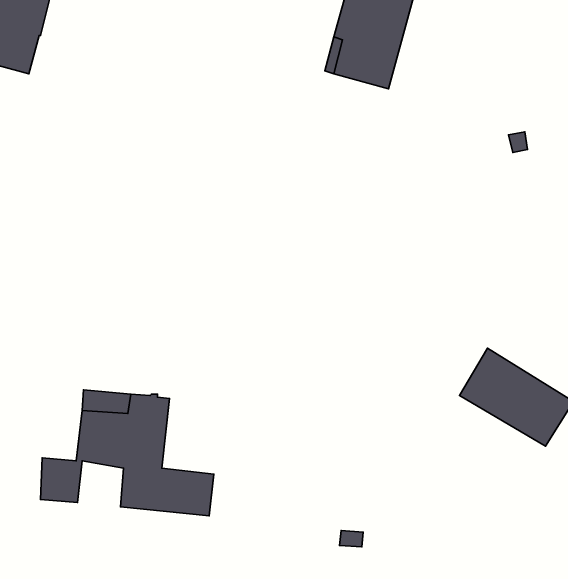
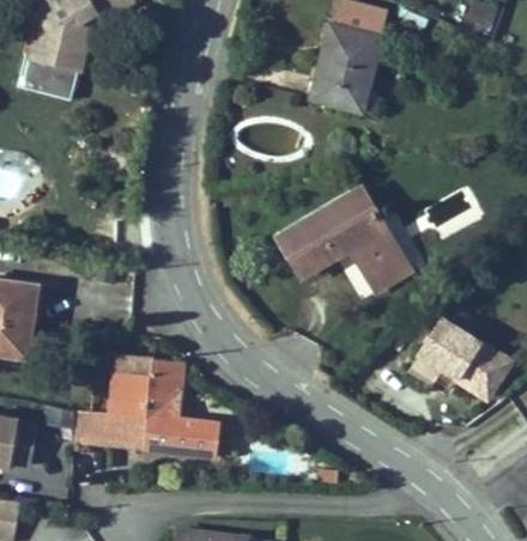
building: none -> [279,189,410,291]
building: none -> [110,413,147,450]

